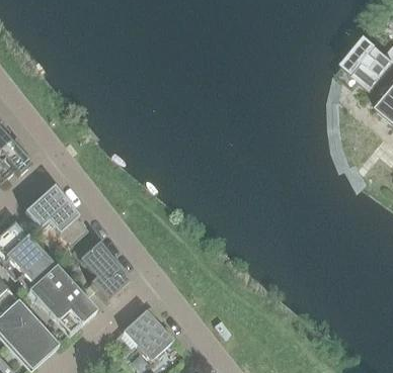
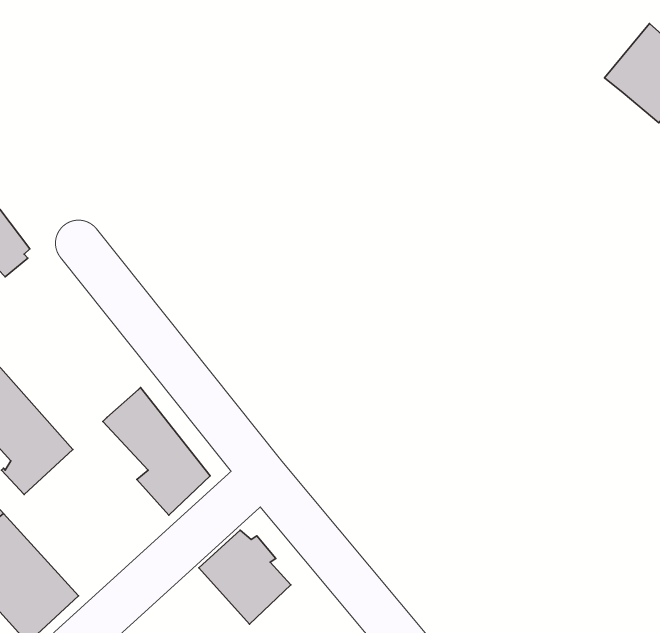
building: [23,183,89,248] -> none
building: [26,265,94,335] -> none

